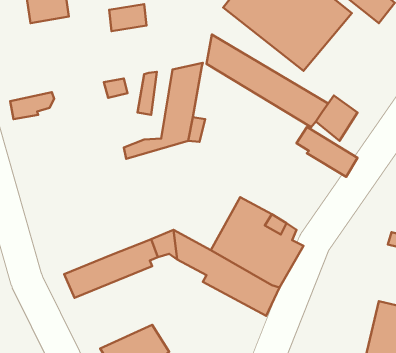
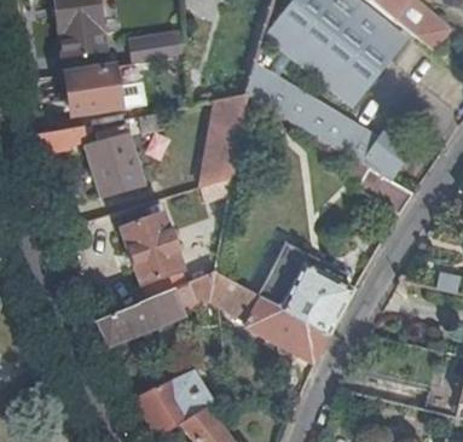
building: none -> [66,65,121,112]
building: none -> [87,126,144,196]
building: none -> [123,216,189,299]

